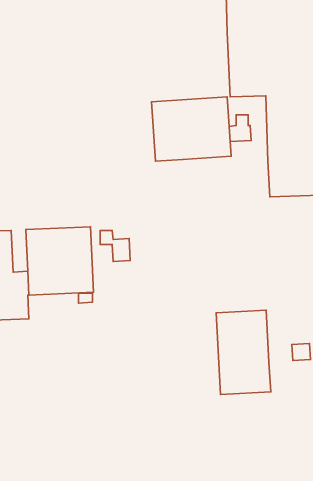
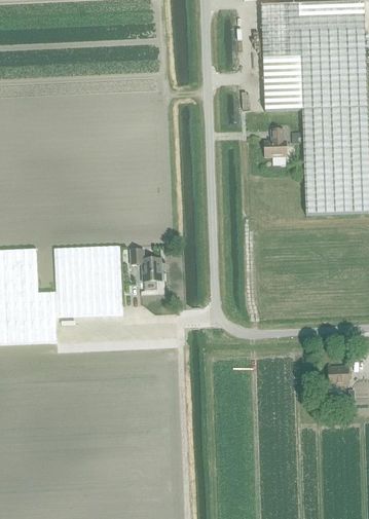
building: [152,97,231,161] -> none
building: [216,310,271,394] -> none

